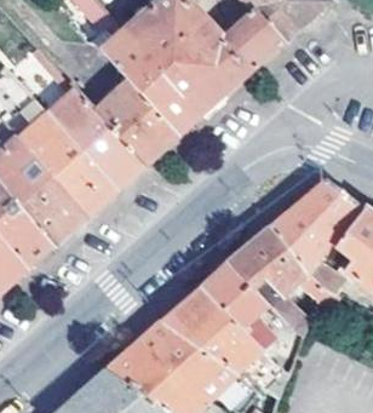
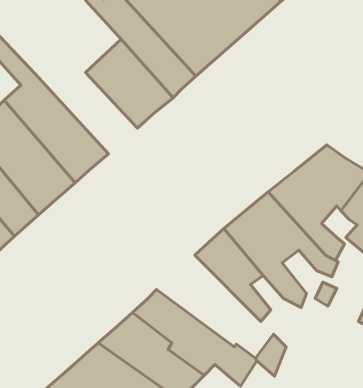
building: [47,87,145,188] -> none
building: [163,285,263,372] -> none

